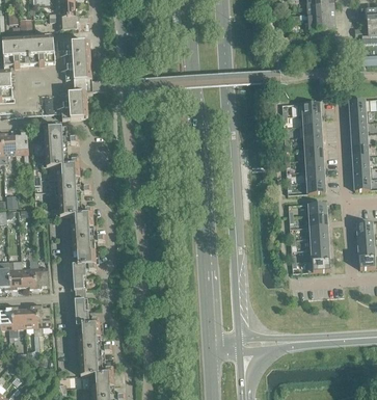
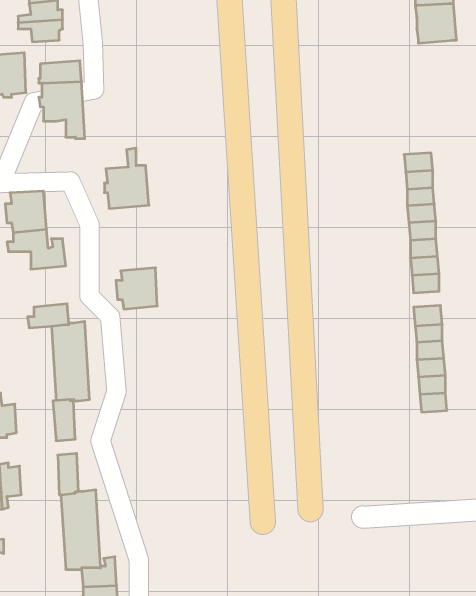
building: [59,79,88,118] -> [104,148,149,208]
building: [54,175,81,202] -> [116,268,157,309]

